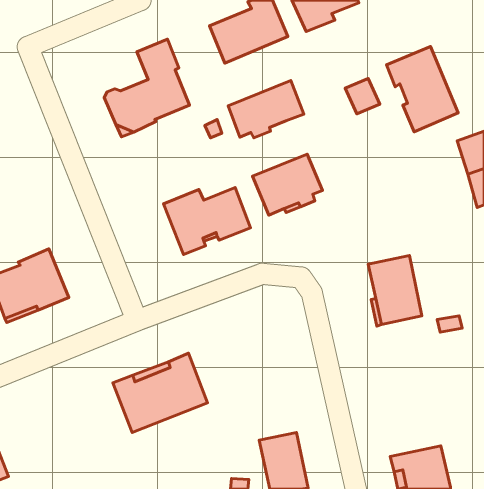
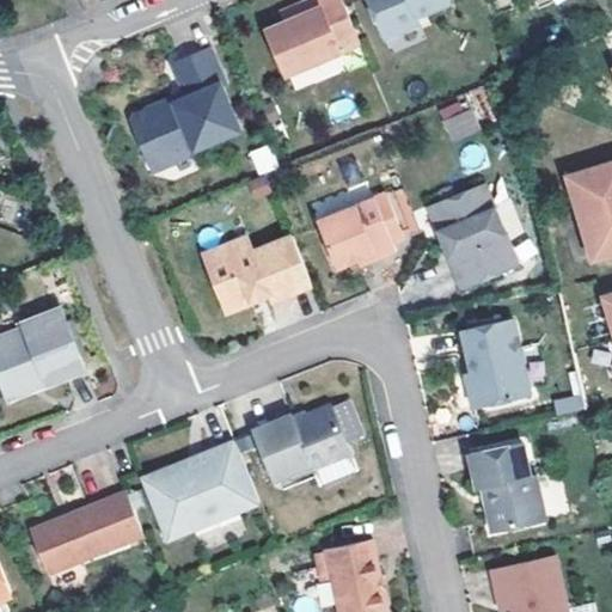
building: [386,47,458,132] -> [427,183,516,289]
building: [228,80,304,138] -> none
building: none -> [252,406,350,481]
building: none -> [469,443,536,530]
building: none -> [30,491,145,574]

